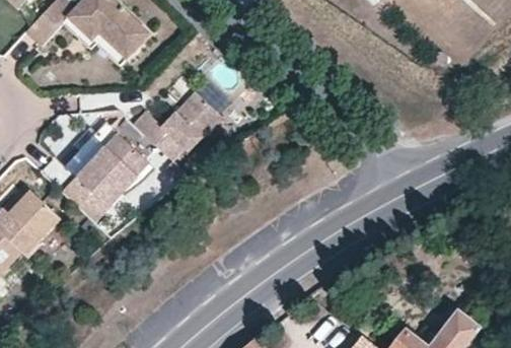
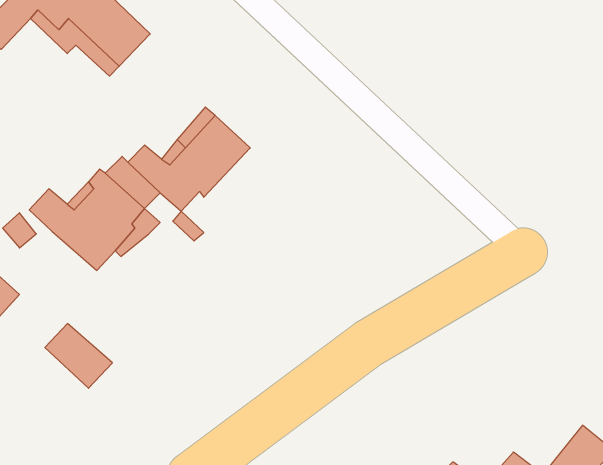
building: [62,173,111,220] -> [45,324,112,388]

